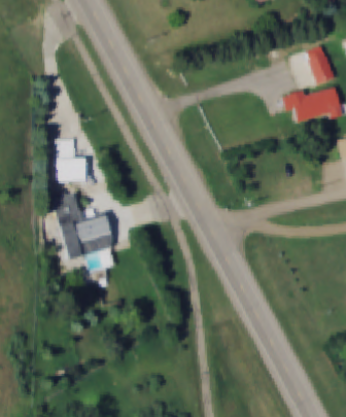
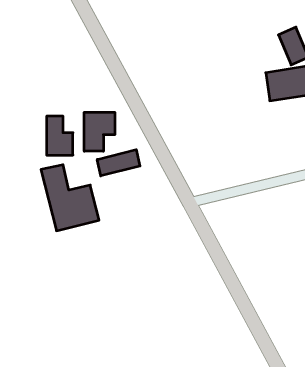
building: none -> [84,112,115,151]
building: none -> [97,150,140,176]

